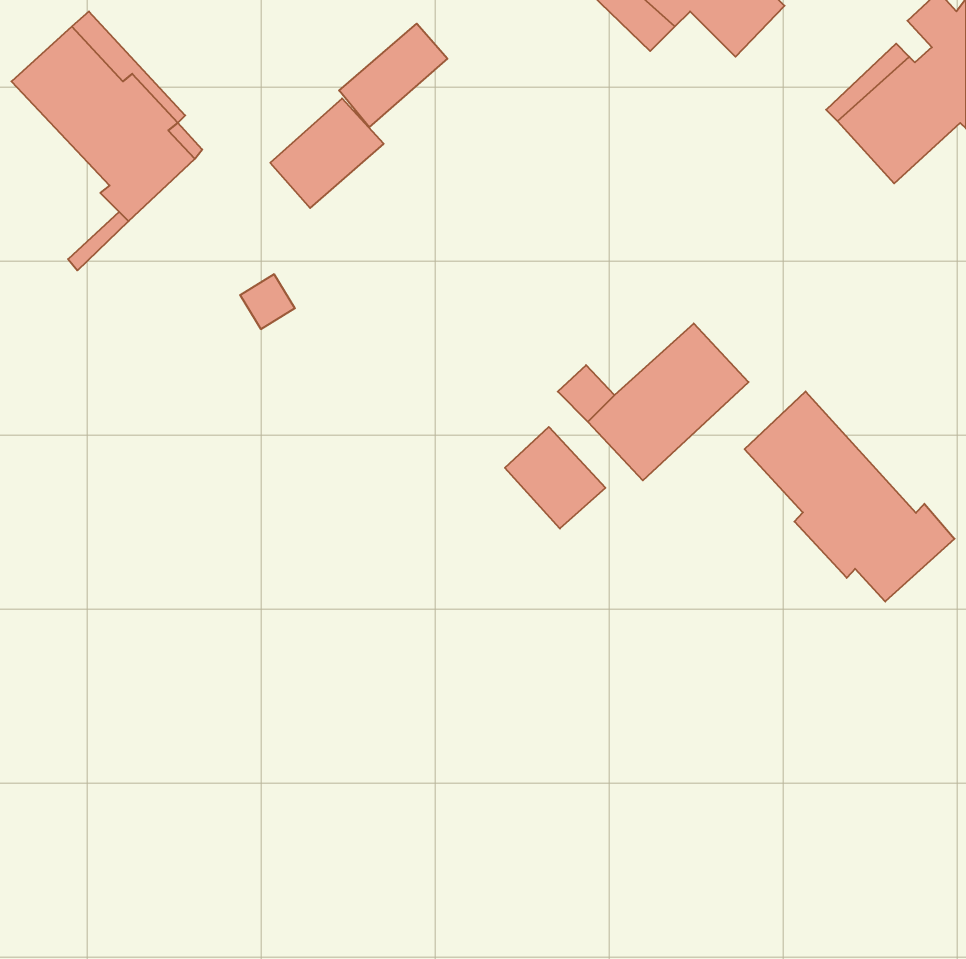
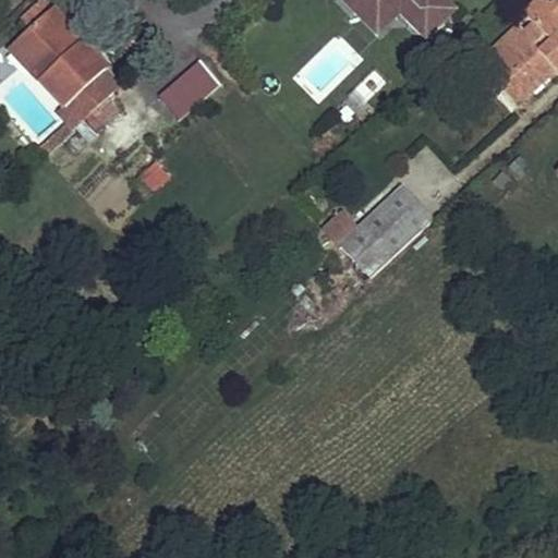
building: [339,24,447,127] -> none
building: [745,391,955,602] -> none
building: [505,427,605,529] -> none

